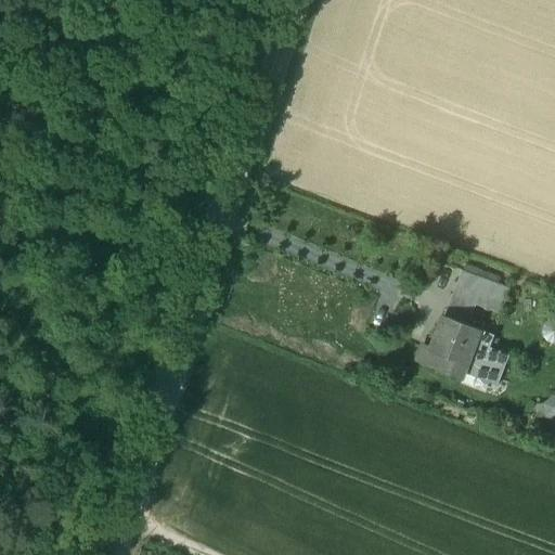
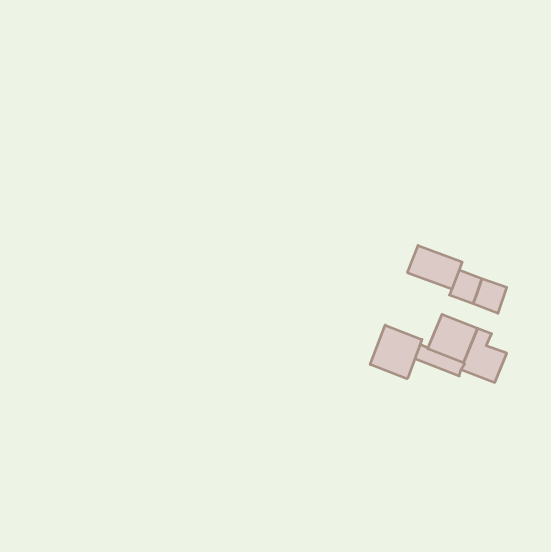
building: none -> [408,245,462,289]
building: none -> [370,325,422,379]

